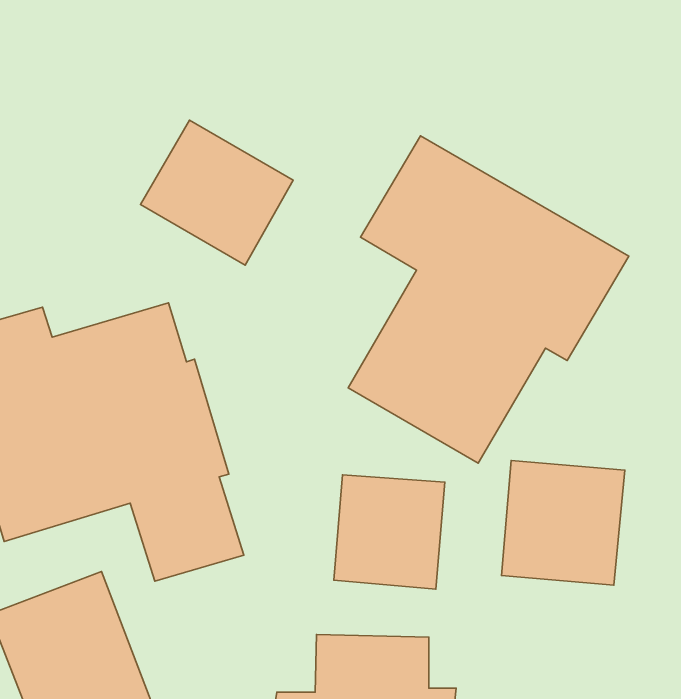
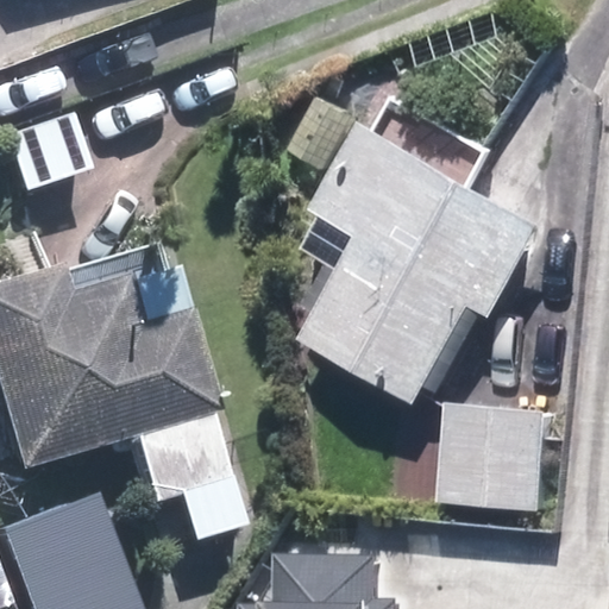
building: [141,120,293,265] -> none
building: [334,475,445,589] -> none

